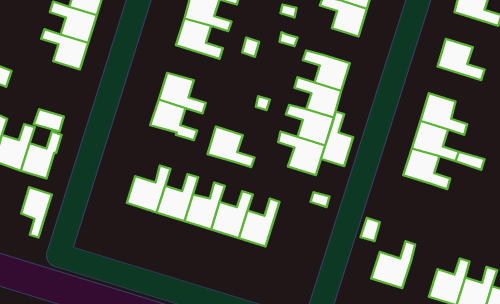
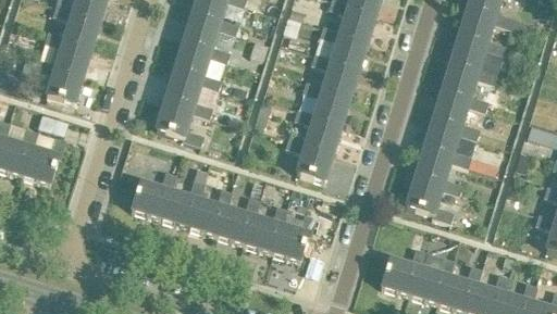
building: none -> [457,13,505,54]
building: none -> [320,24,368,65]
building: none -> [36,58,84,103]
building: none -> [440,68,487,110]
building: [321,112,353,166] -> none
building: [207,126,254,167] -> [173,47,221,88]
building: none -> [406,179,454,221]
building: [21,187,52,238] -> none
building: none -> [273,212,315,260]
building: none -> [412,255,454,303]

